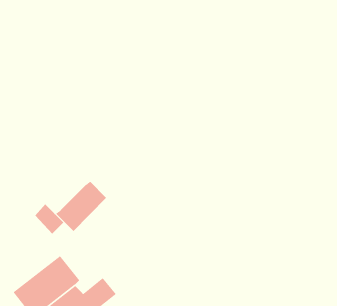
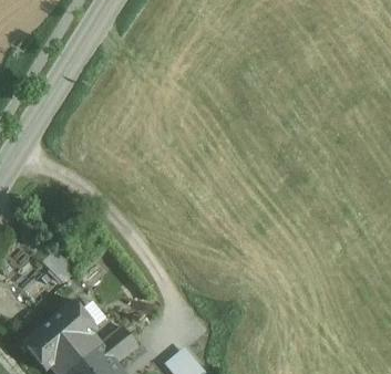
building: [55,181,107,232] -> none

